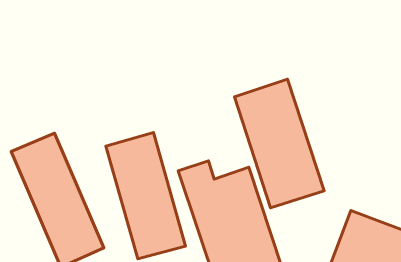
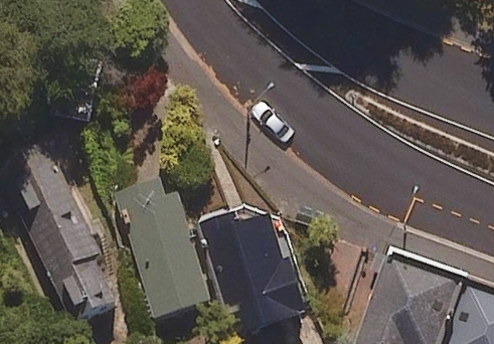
building: [234,79,324,208] -> none

